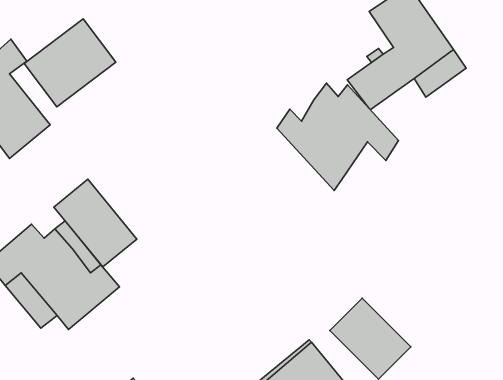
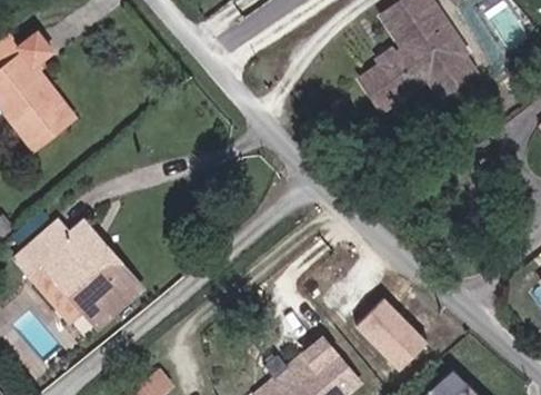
building: [24,19,116,107] -> none
building: [277,83,399,190] -> none
building: [54,179,137,267] -> none

